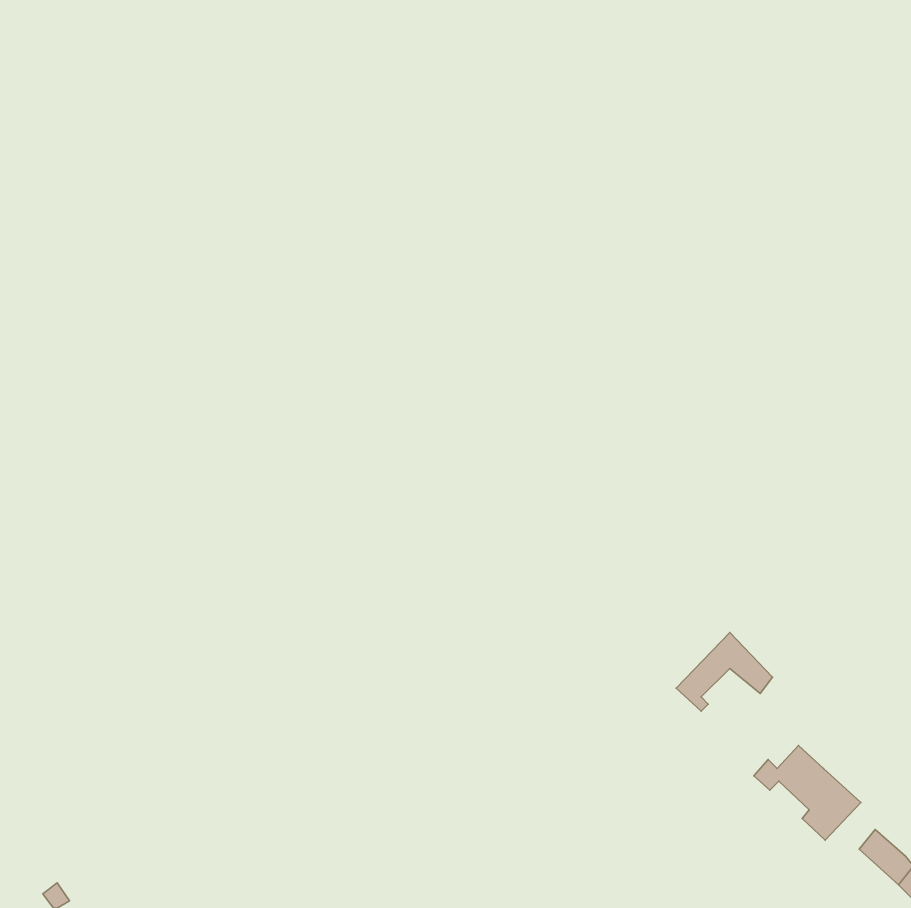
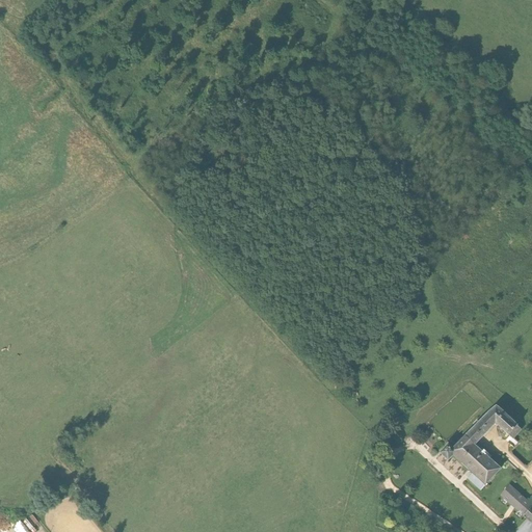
building: [676,633,773,711] -> [466,401,522,447]

